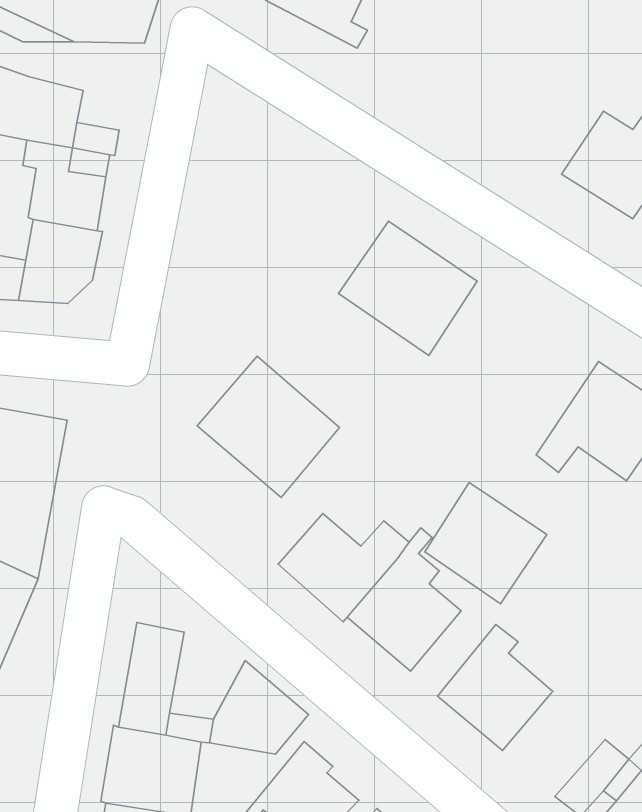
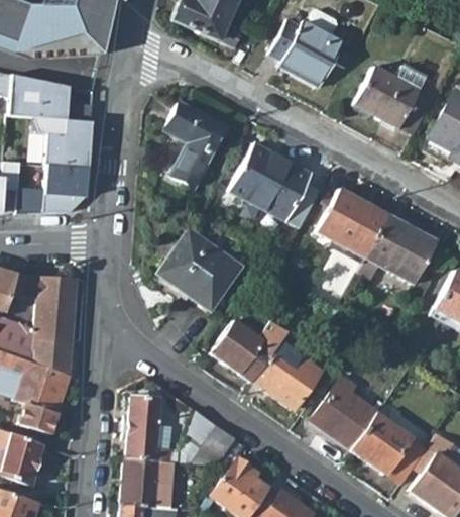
building: none -> [271,21,345,89]
building: none -> [165,104,226,189]
building: [425,482,547,604] -> [317,189,387,258]
building: none -> [353,413,413,474]

